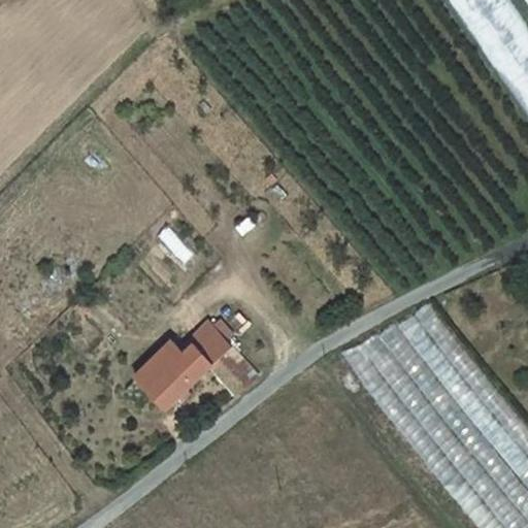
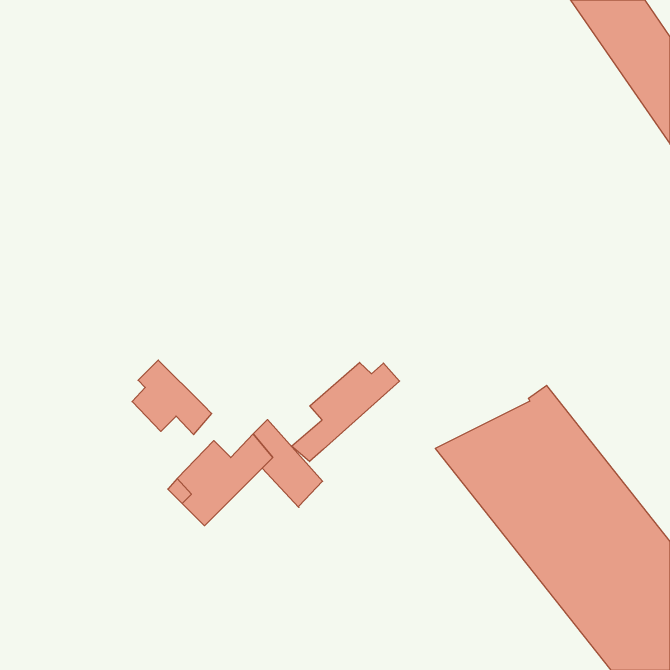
building: none -> [132,360,212,435]
building: none -> [291,362,400,462]

